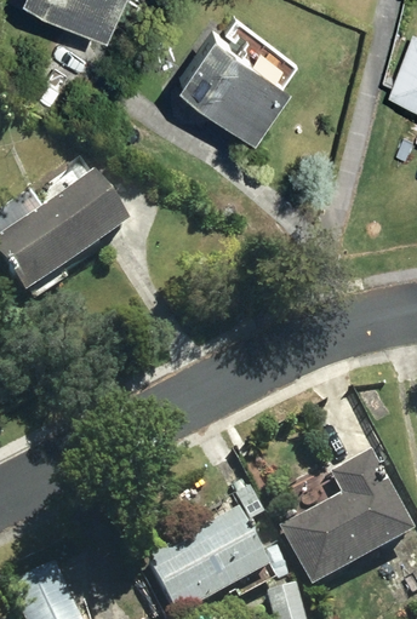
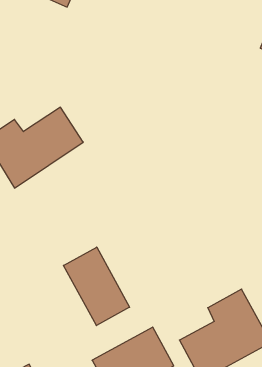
building: [182,22,293,127] -> none
building: none -> [63,247,130,326]

